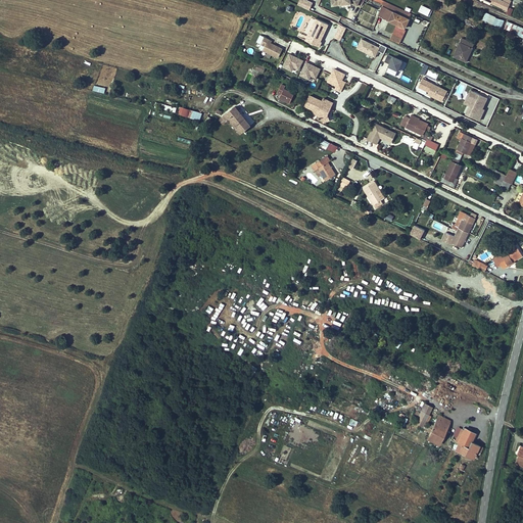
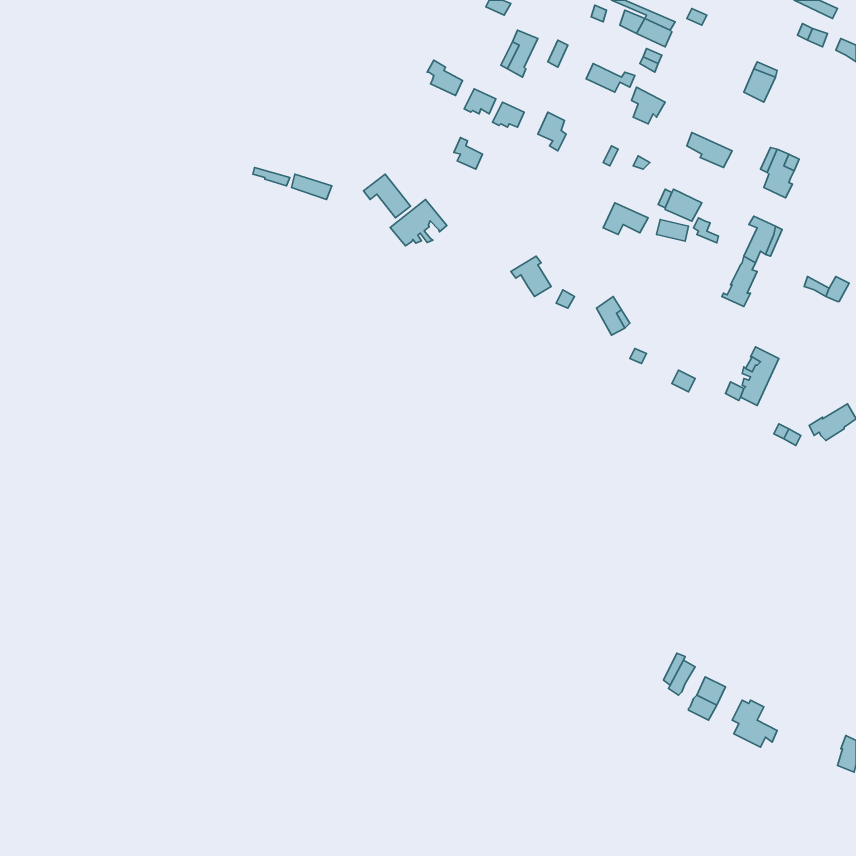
building: [305,95,333,123] -> none
building: none -> [390,200,447,246]

